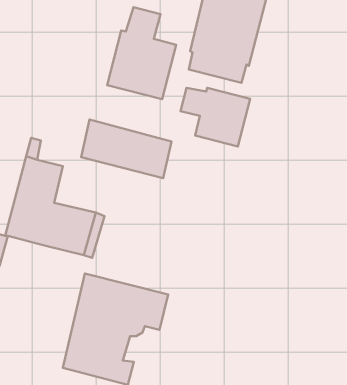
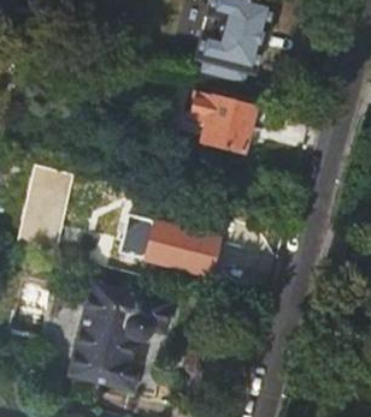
building: [107,7,176,99] -> none
building: [81,119,172,178] -> [131,218,220,275]

